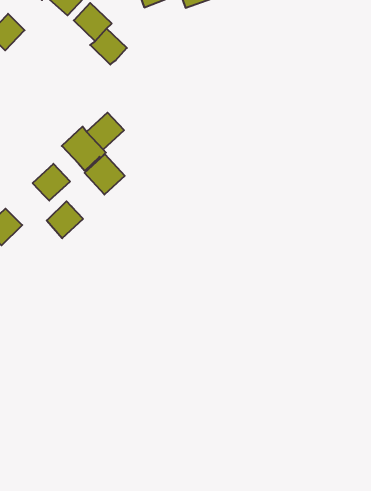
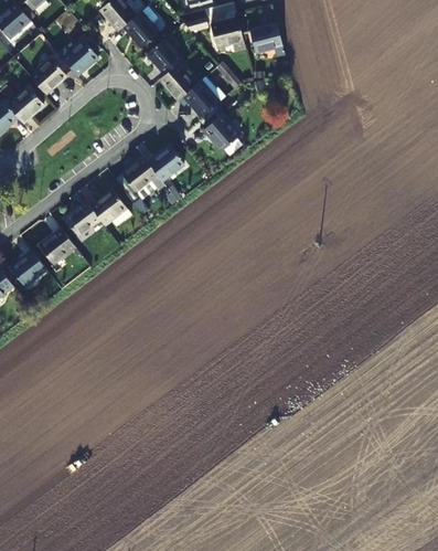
building: none -> [183,81,220,118]
building: none -> [204,116,239,151]
building: [85,154,125,195] -> none
building: [47,201,83,238] -> [65,202,100,237]

